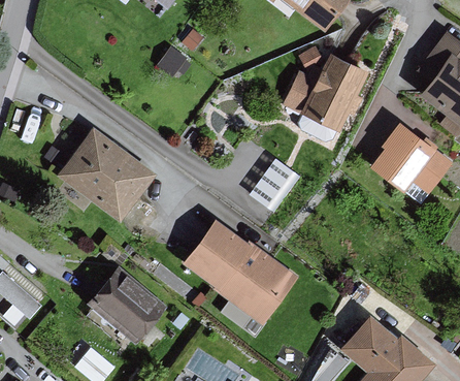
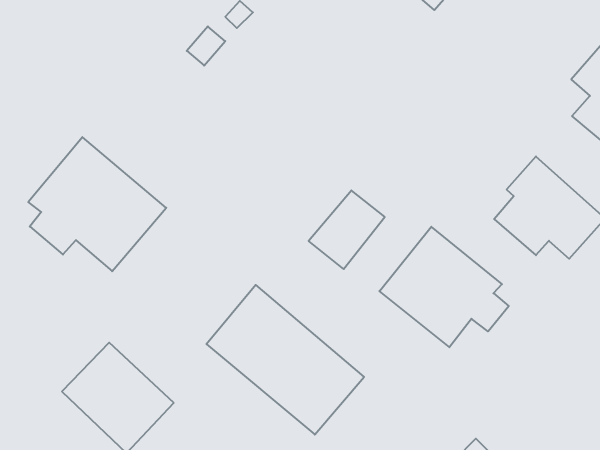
building: [286,56,365,127] -> none
building: none -> [379,227,509,347]

